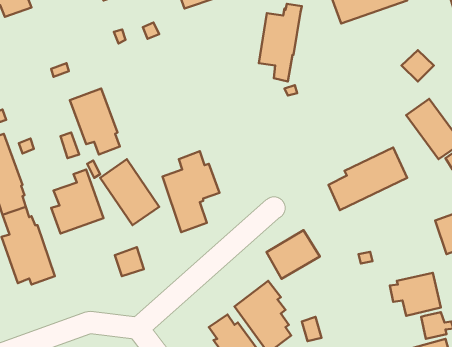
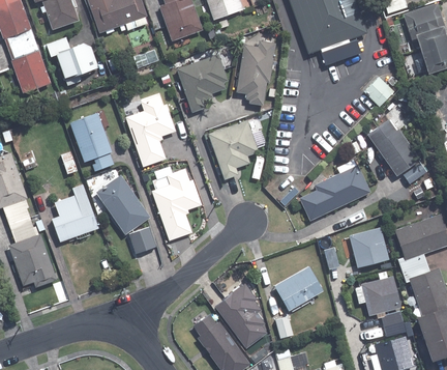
building: none -> [44,37,98,85]
building: none -> [10,39,50,93]
building: none -> [321,40,361,68]
building: none -> [176,55,227,112]
building: none -> [124,94,175,167]
building: none -> [207,120,257,179]
building: none -> [348,227,388,267]
building: [266,230,320,279] -> [274,266,322,310]
building: [115,247,144,276] -> [129,227,155,253]

